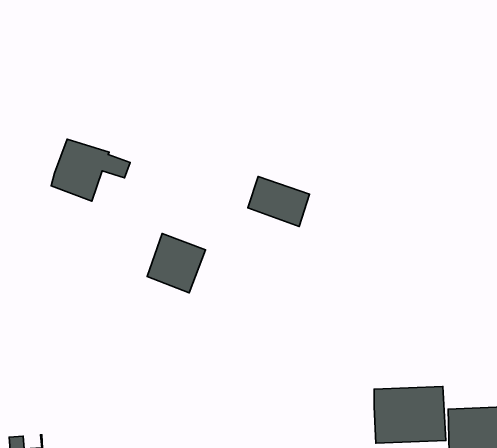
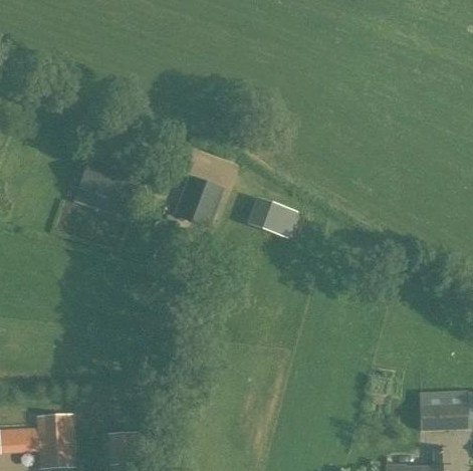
building: [147,233,205,293] -> [174,175,224,226]
building: [374,387,446,443] -> none

